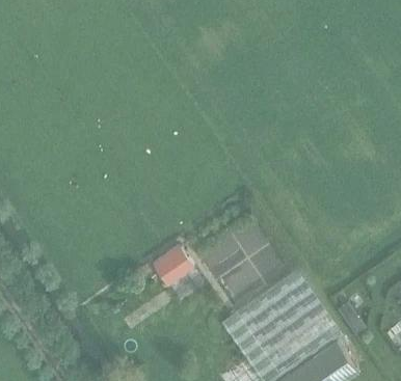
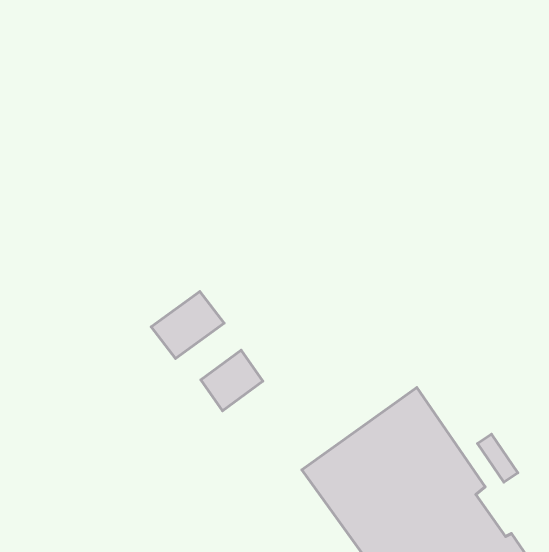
building: none -> [151,291,224,359]

